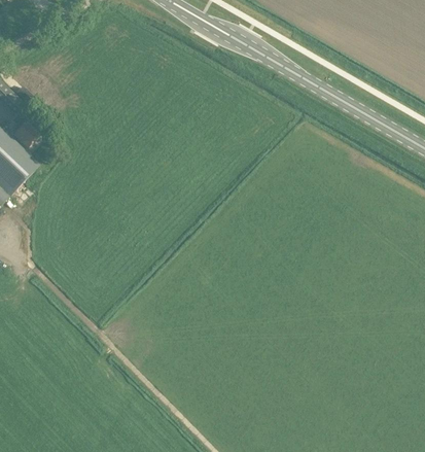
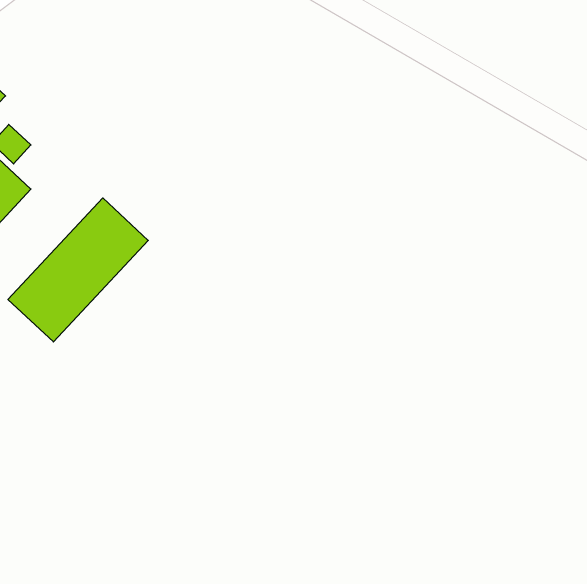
building: none -> [8,198,148,342]

